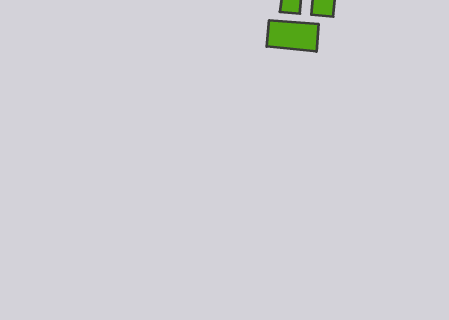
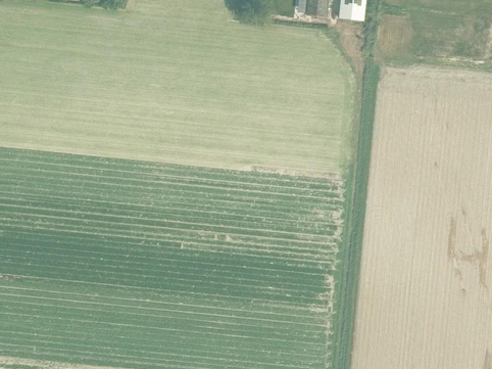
building: [267,20,318,52] -> none

